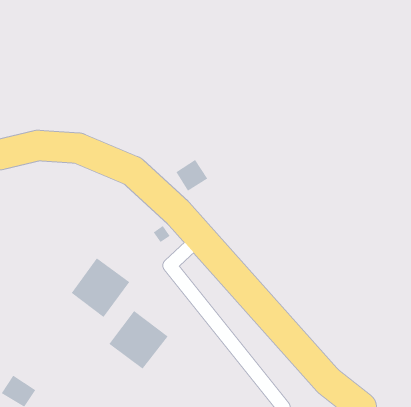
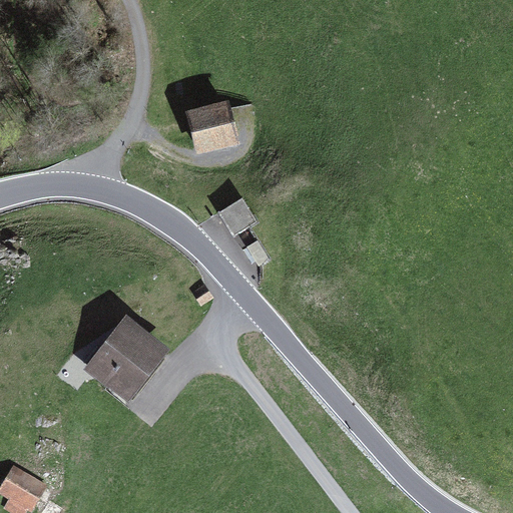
building: none -> [187,100,239,153]
building: [109,310,168,370] -> none

